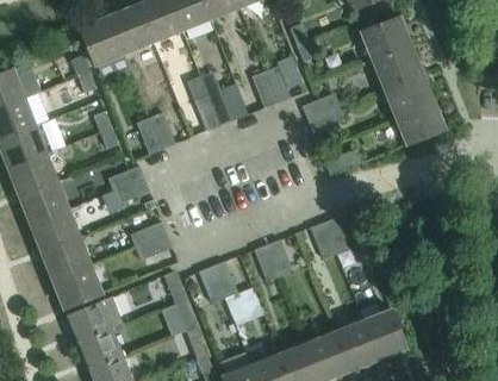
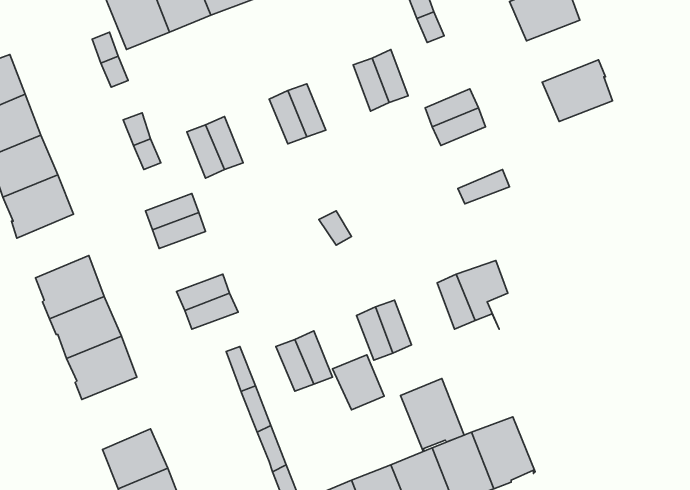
building: [373,45,423,88] -> none
building: [396,101,446,144] -> none
building: [19,180,69,224] -> none
building: [67,295,124,343] -> none
building: [363,308,407,358] -> [401,378,464,450]

